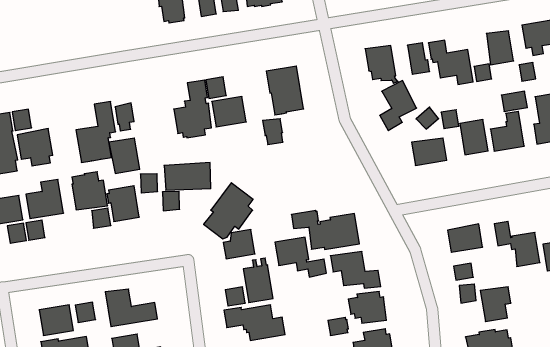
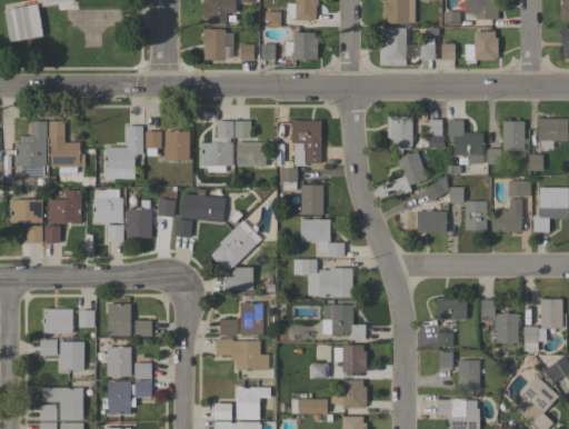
building: none -> [301,184,323,213]
building: [109,138,140,173] -> [164,130,189,160]
building: [275,237,326,277] -> [301,219,345,257]

